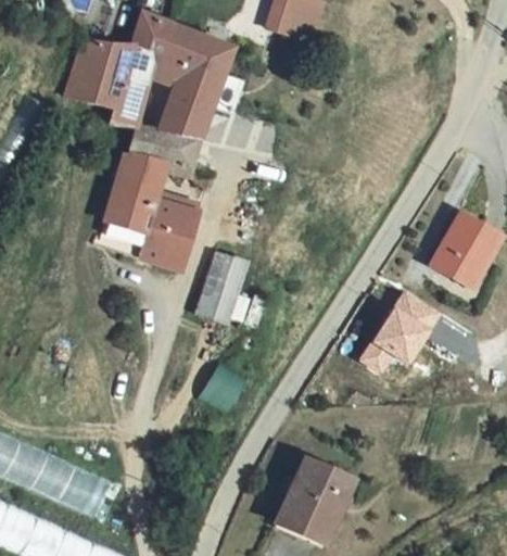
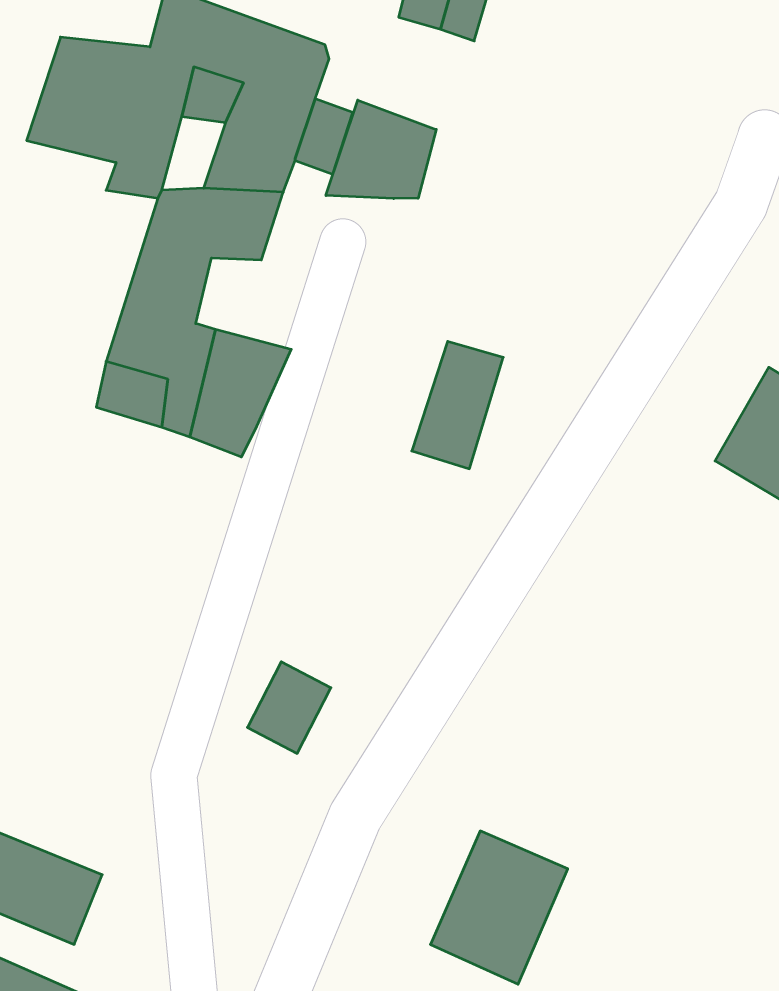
building: none -> [326,100,436,199]
building: [199,242,249,312] -> [412,341,503,469]
building: [352,301,427,379] -> none

